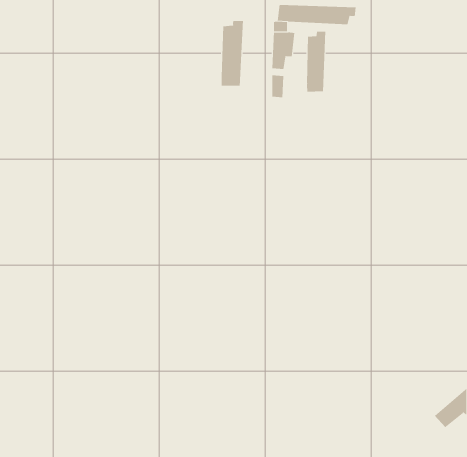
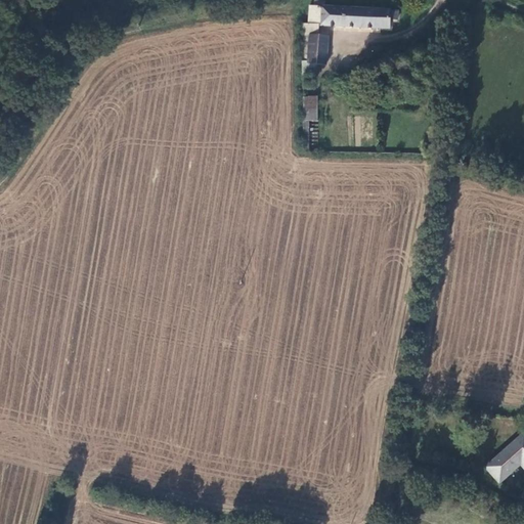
building: [221,20,244,87] -> none
building: [307,31,326,92] -> none

